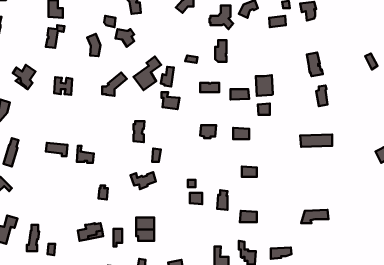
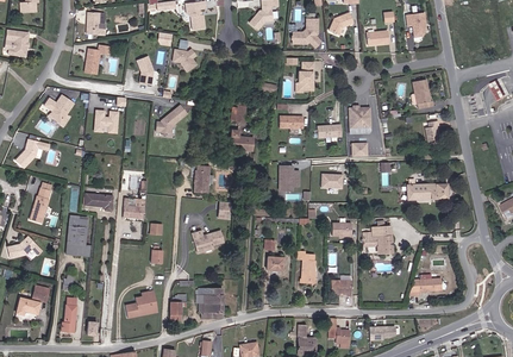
building: [134,56,161,90] -> none
building: none -> [65,214,90,256]
building: none -> [362,225,392,252]

